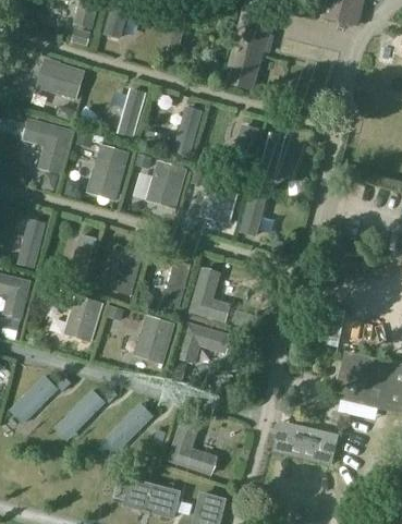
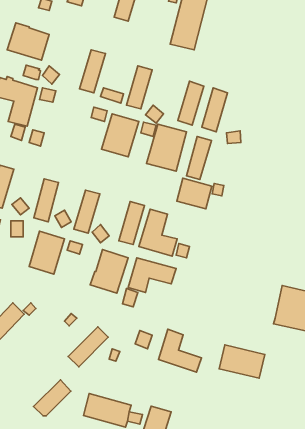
building: [89,146,127,188] -> none
building: none -> [177,178,212,209]
building: [62,389,105,430] -> [34,380,71,416]
building: [167,426,216,475] -> [158,329,201,372]

